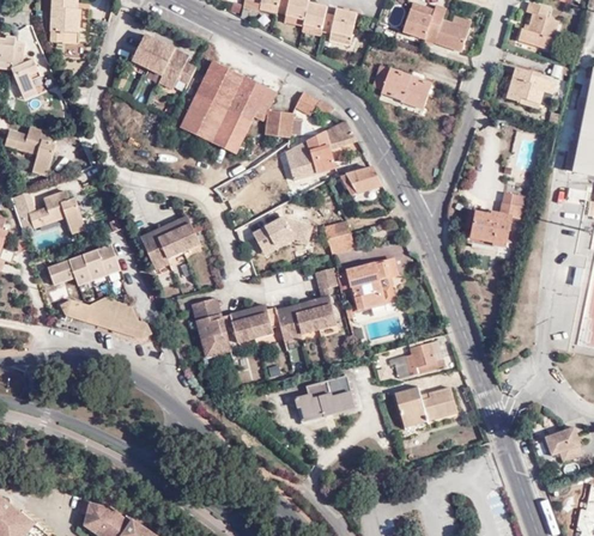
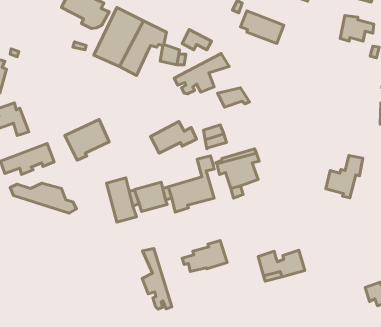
building: [472,194,522,251] -> [326,155,363,198]
building: [392,339,441,377] -> none
building: none -> [142,248,172,309]

